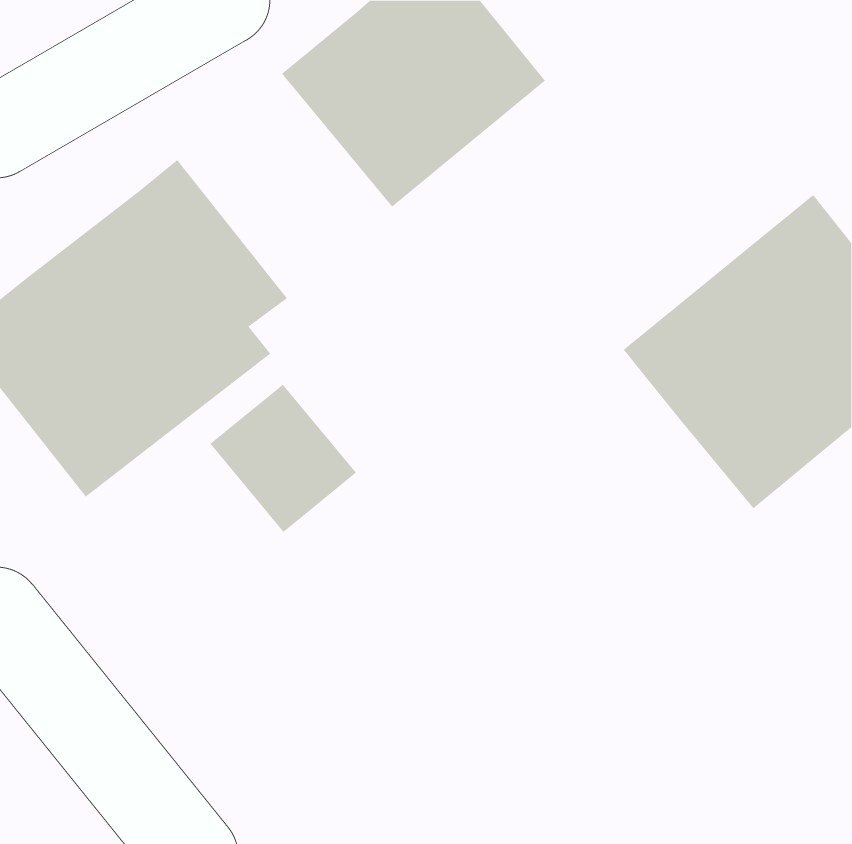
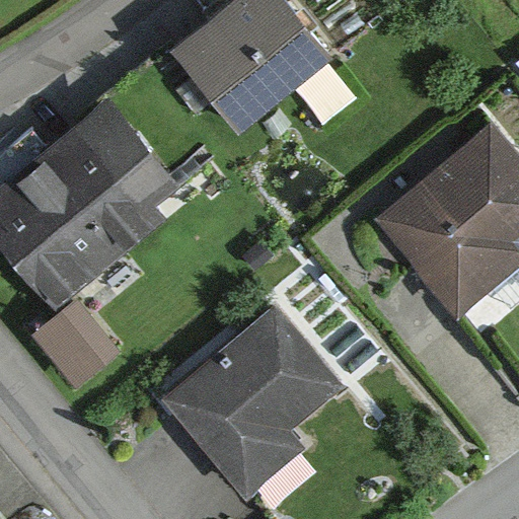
building: [210,384,357,533] -> [30,298,120,388]
building: none -> [164,304,345,496]

